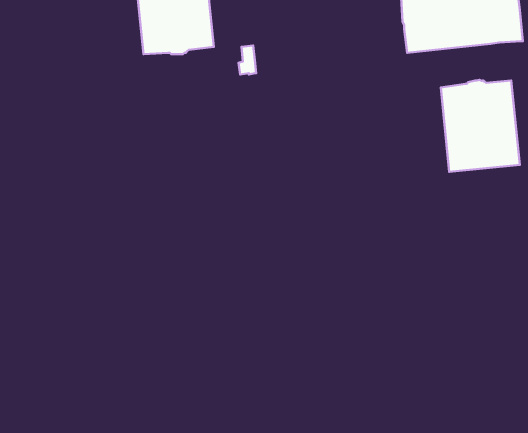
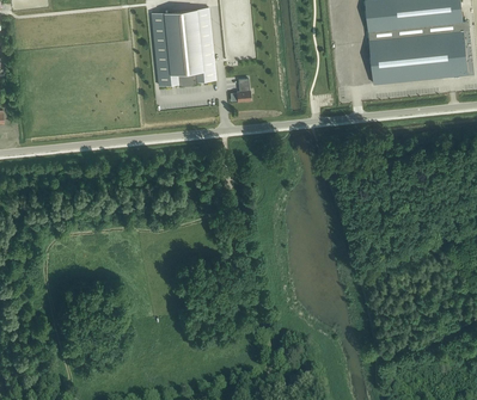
building: [441,80,520,172] -> none

